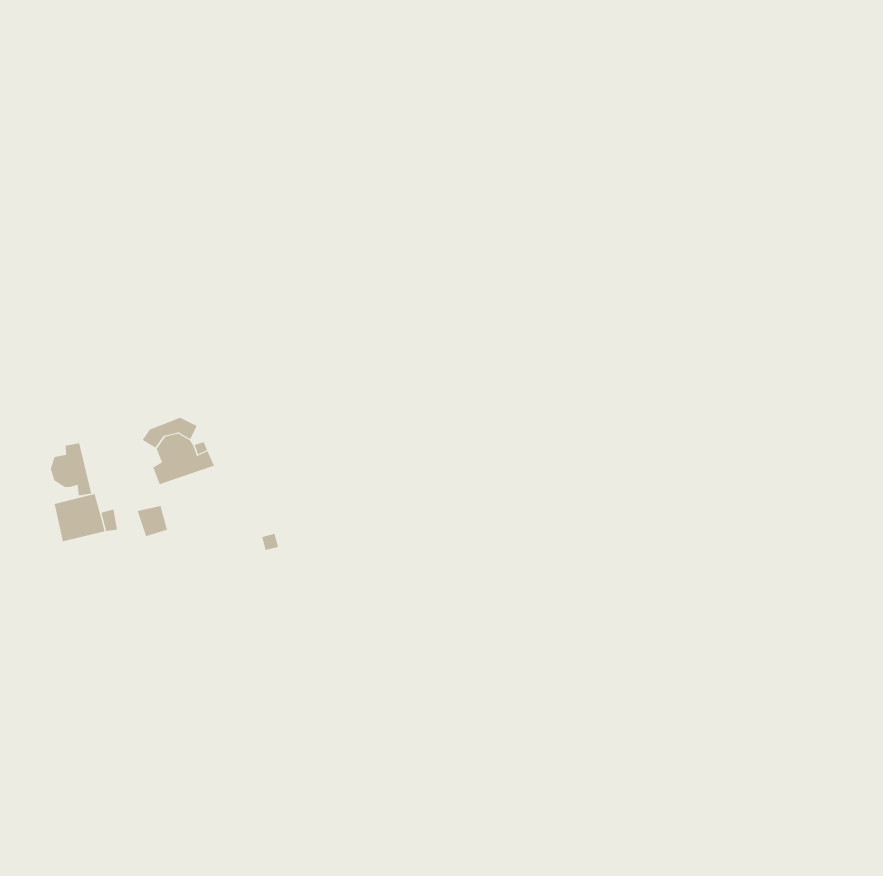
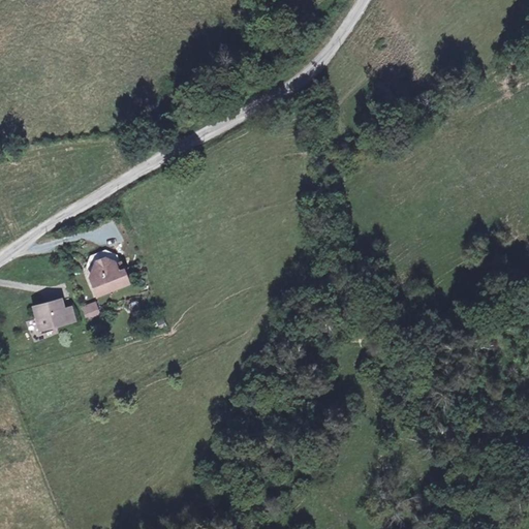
building: [50,443,92,496] -> none

